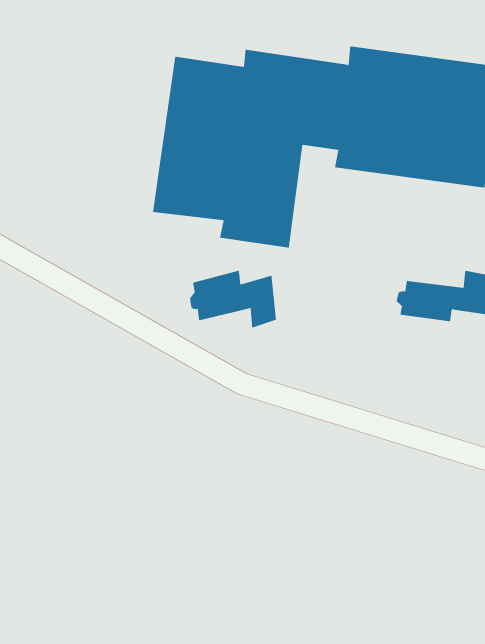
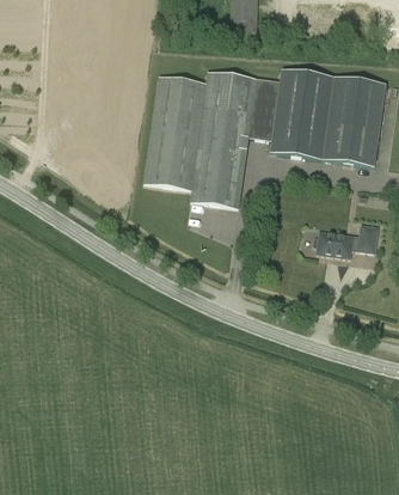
building: [190,270,277,329] -> none

